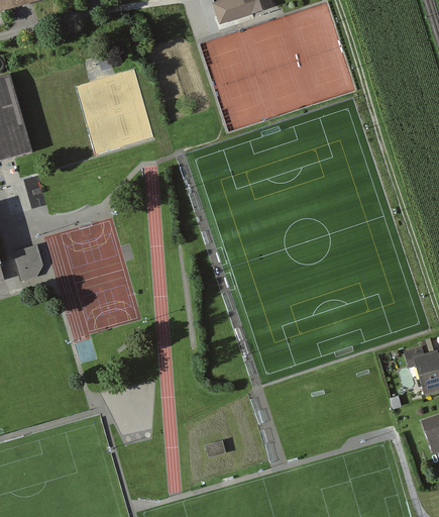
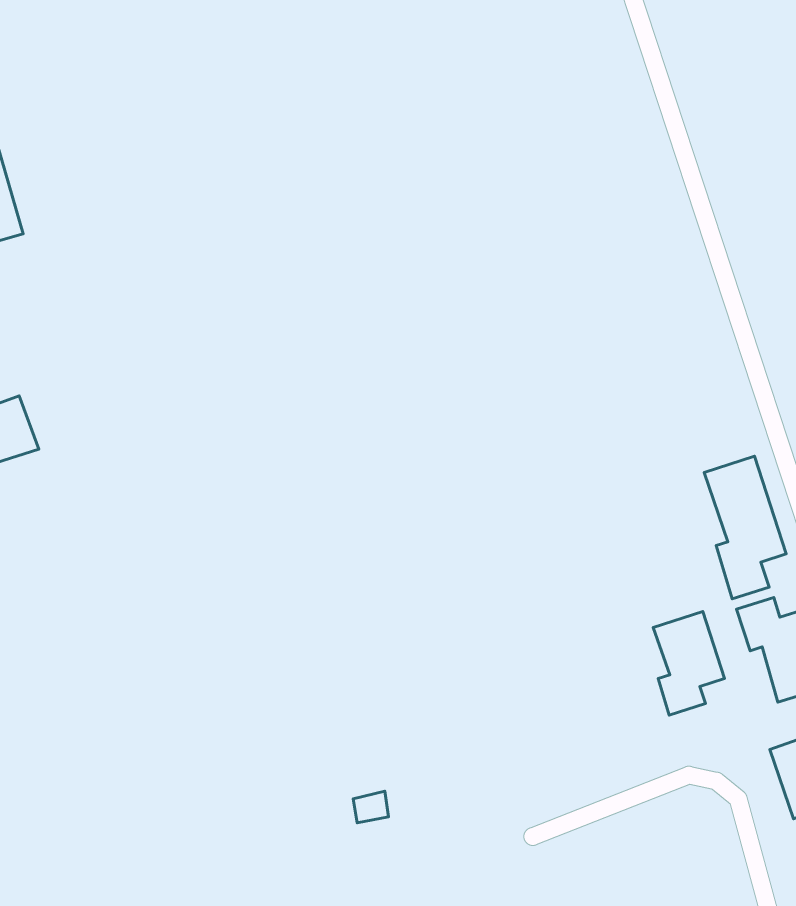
building: none -> [704,456,786,599]
building: none -> [653,612,725,715]

